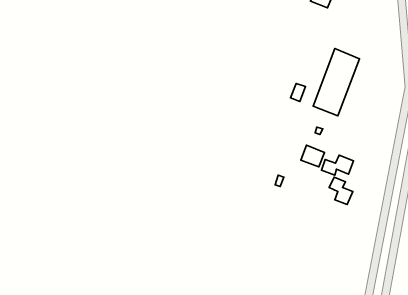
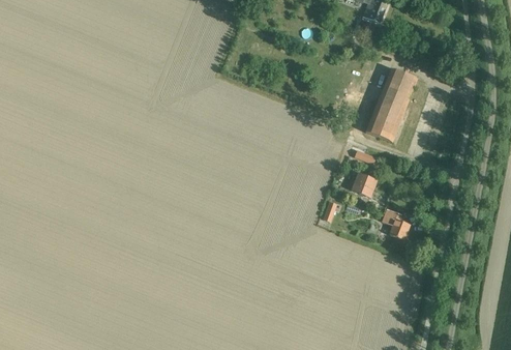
building: [321,155,354,175] -> none

